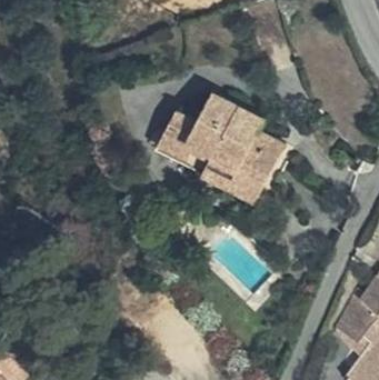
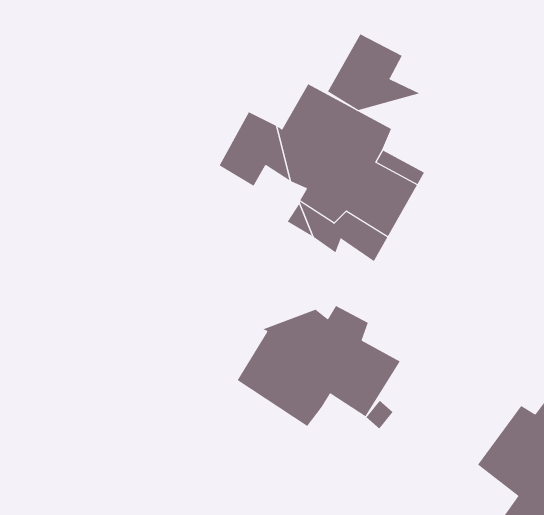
building: none -> [327,33,421,111]
building: none -> [237,305,401,427]

